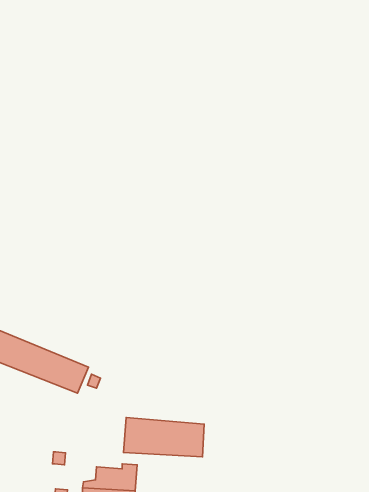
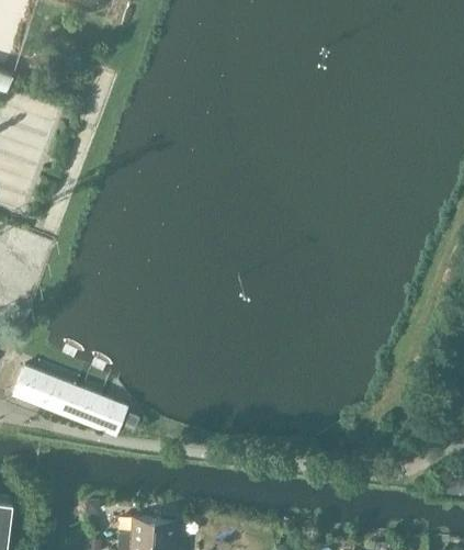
building: [124,417,204,457] -> none

